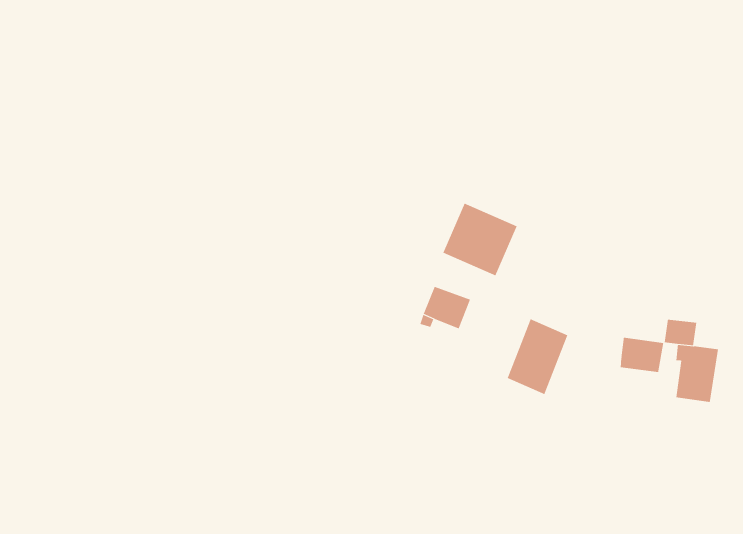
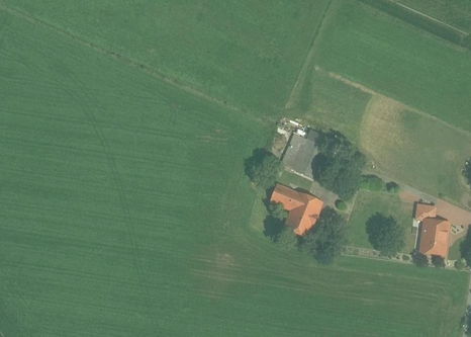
building: [507,318,568,395] -> [284,191,321,238]
building: [620,337,664,373] -> none

